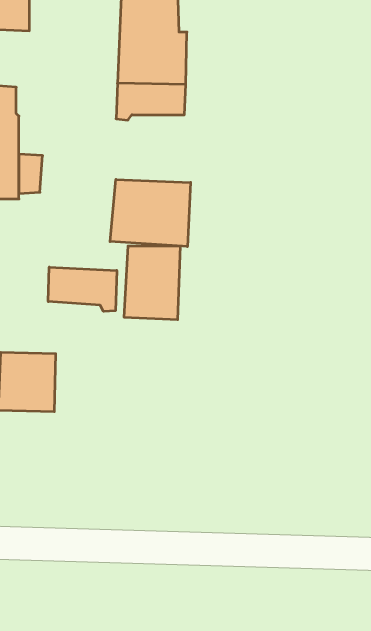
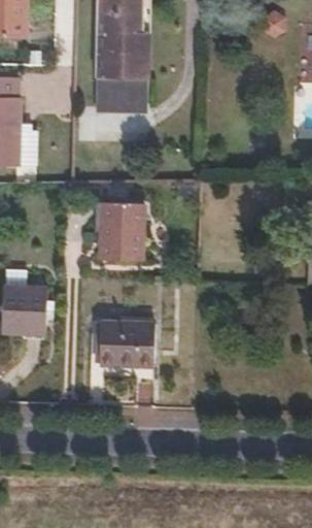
building: [110,179,191,247] -> none
building: [48,267,117,311] -> none
building: none -> [100,323,154,378]

